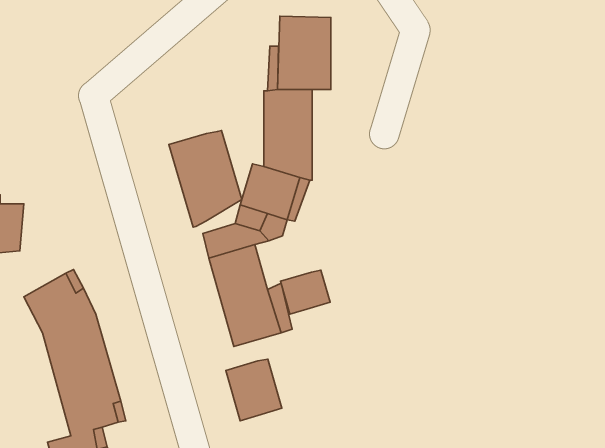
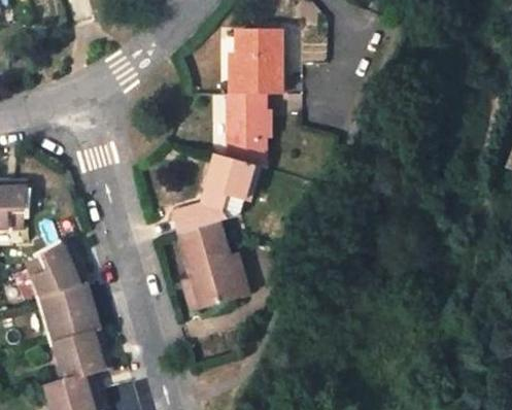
building: [169,130,242,227] -> none
building: [281,270,330,314] -> none
building: [226,359,282,421] -> none

